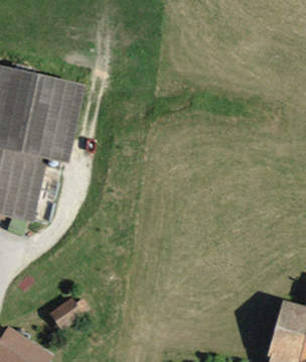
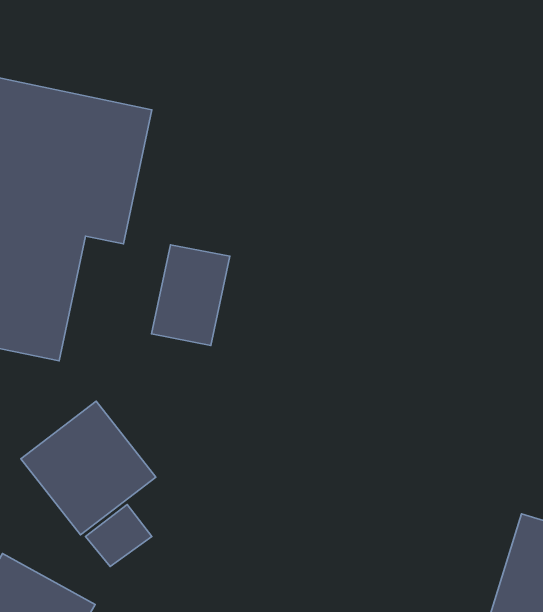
building: none -> [152,245,230,345]
building: none -> [21,401,156,535]

